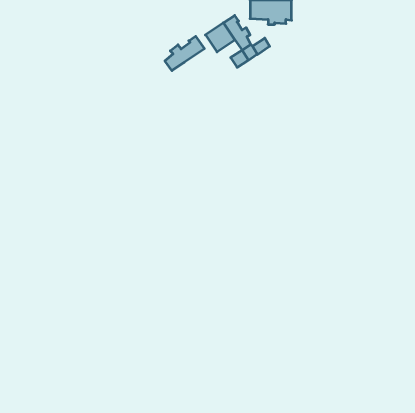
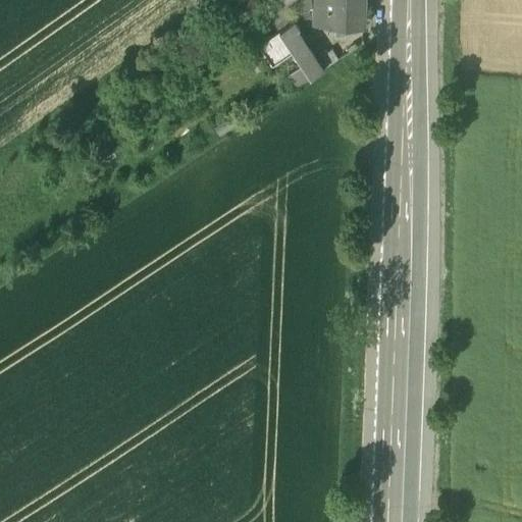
building: [165,36,204,71] -> none

